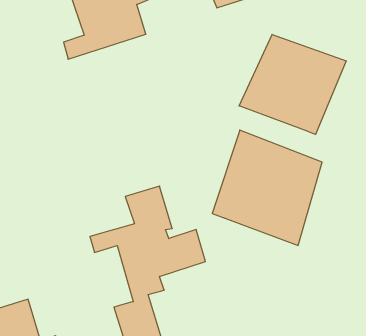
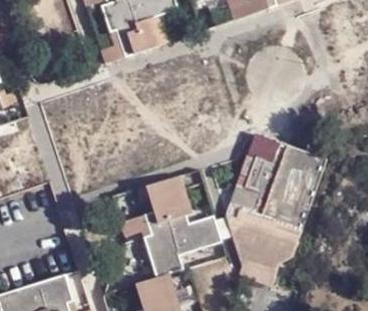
building: [239,34,346,134] -> none
building: none -> [236,205,300,270]

